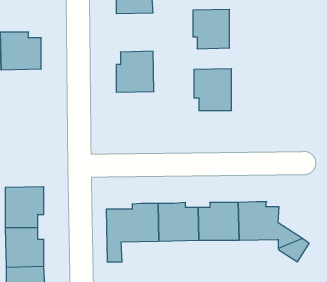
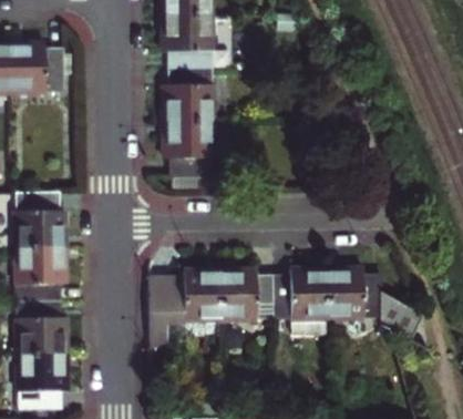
building: [193,9,230,49] -> [164,18,213,70]
building: [194,69,232,110] -> [164,122,214,177]
building: none -> [16,192,68,249]

